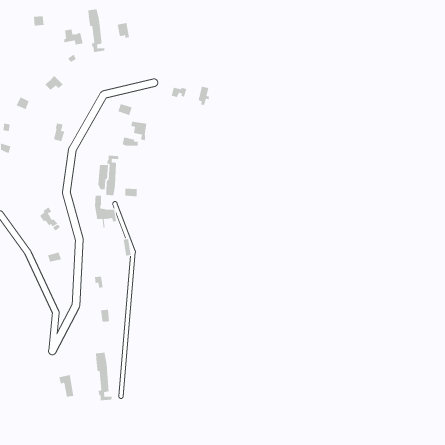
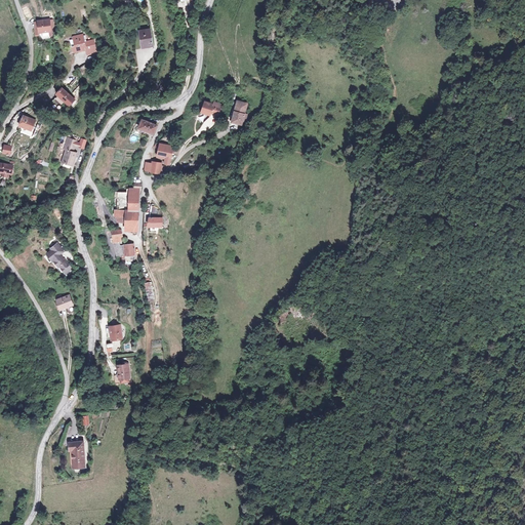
building: [88,8,105,53] -> none
building: [95,352,112,401] -> none

